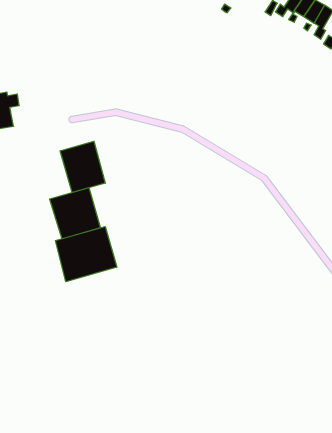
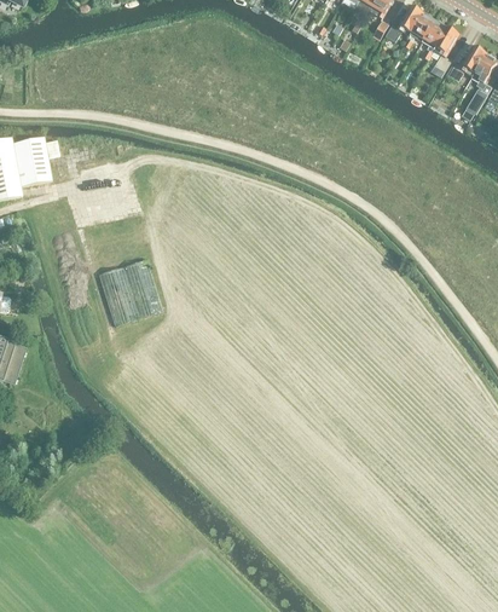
building: [60,141,105,192] -> none
building: [55,227,117,282] -> none

